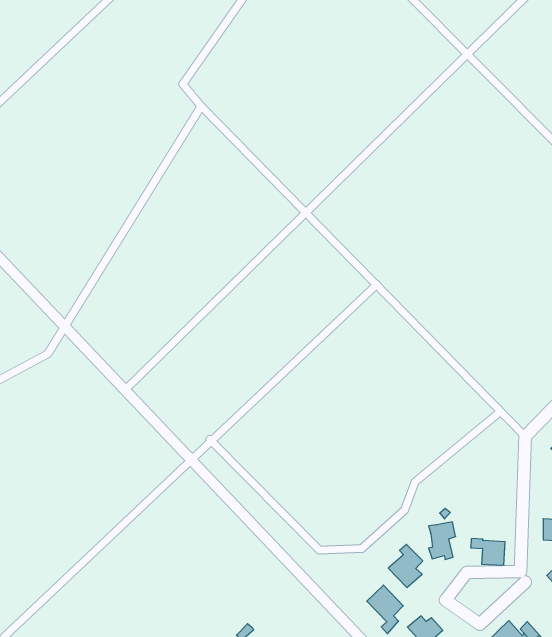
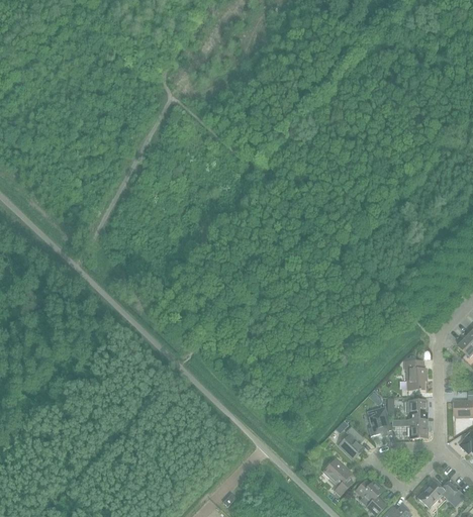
building: none -> [404,360,425,389]
building: none -> [405,399,427,419]

